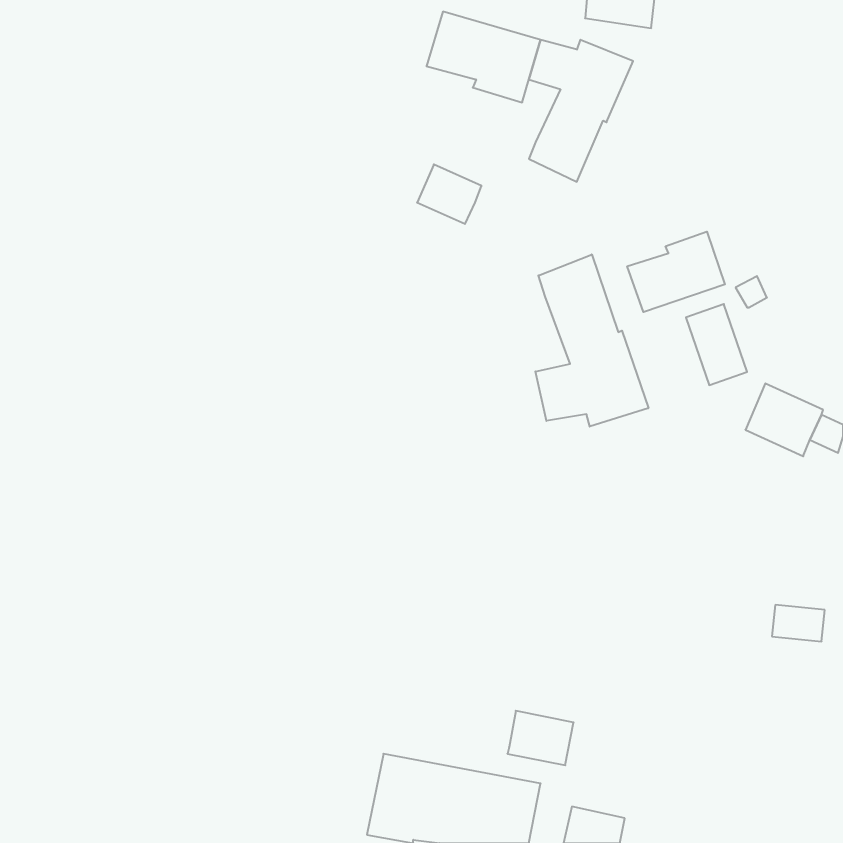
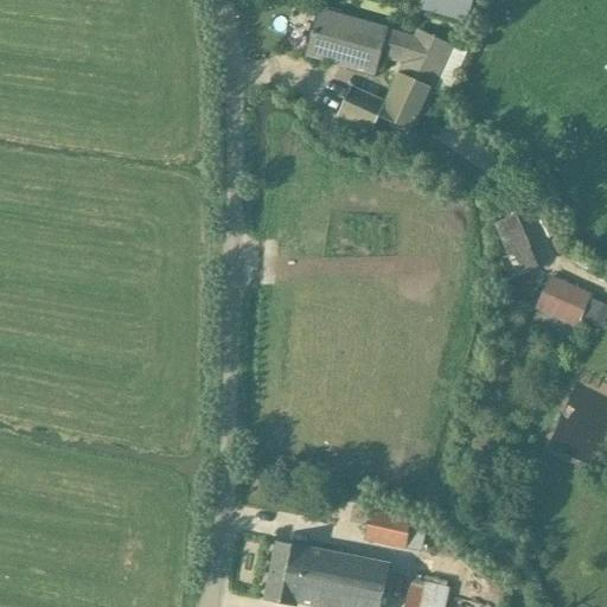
building: [417,164,482,224] -> [338,87,384,129]
building: [627,232,725,312] -> none
building: [535,254,648,427] -> none

